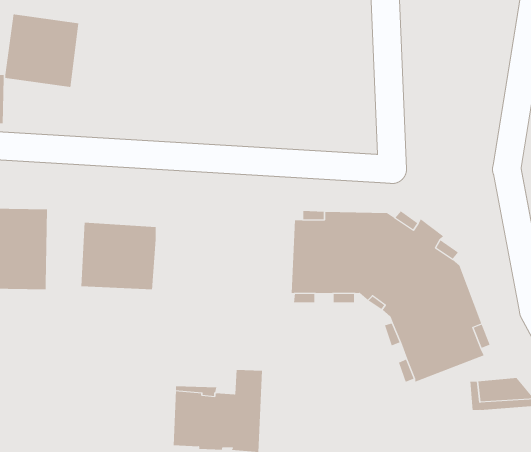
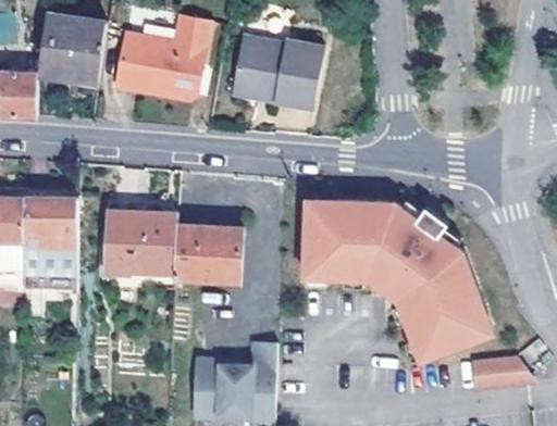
building: none -> [116,15,208,100]
building: none -> [234,36,324,105]
building: none -> [173,225,240,279]

